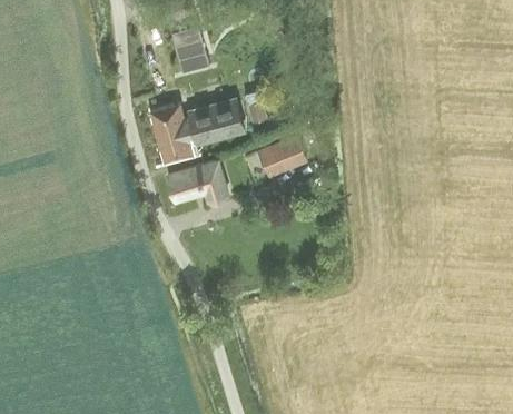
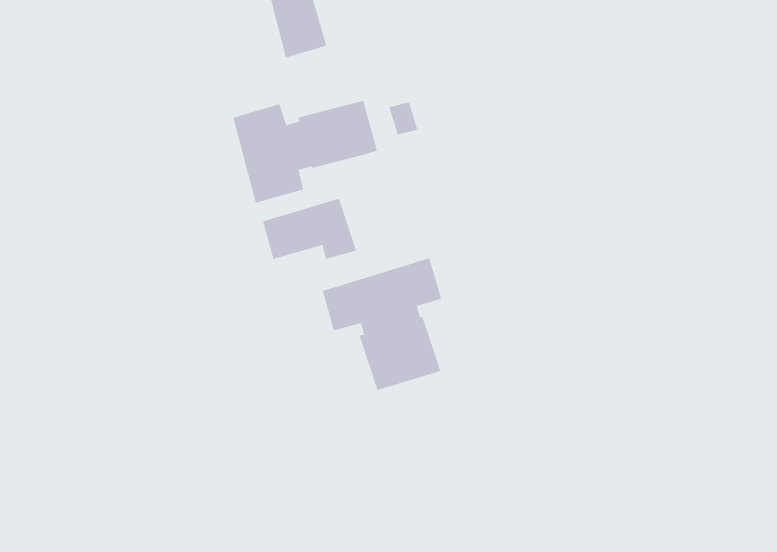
building: [258,135,308,177] -> none
building: none -> [322,257,442,391]

